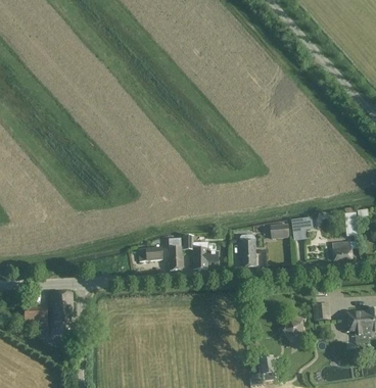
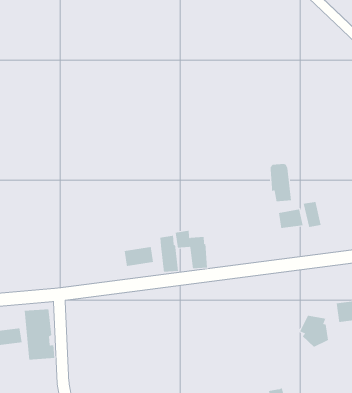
building: [240,235,256,266] -> [270,163,292,202]

